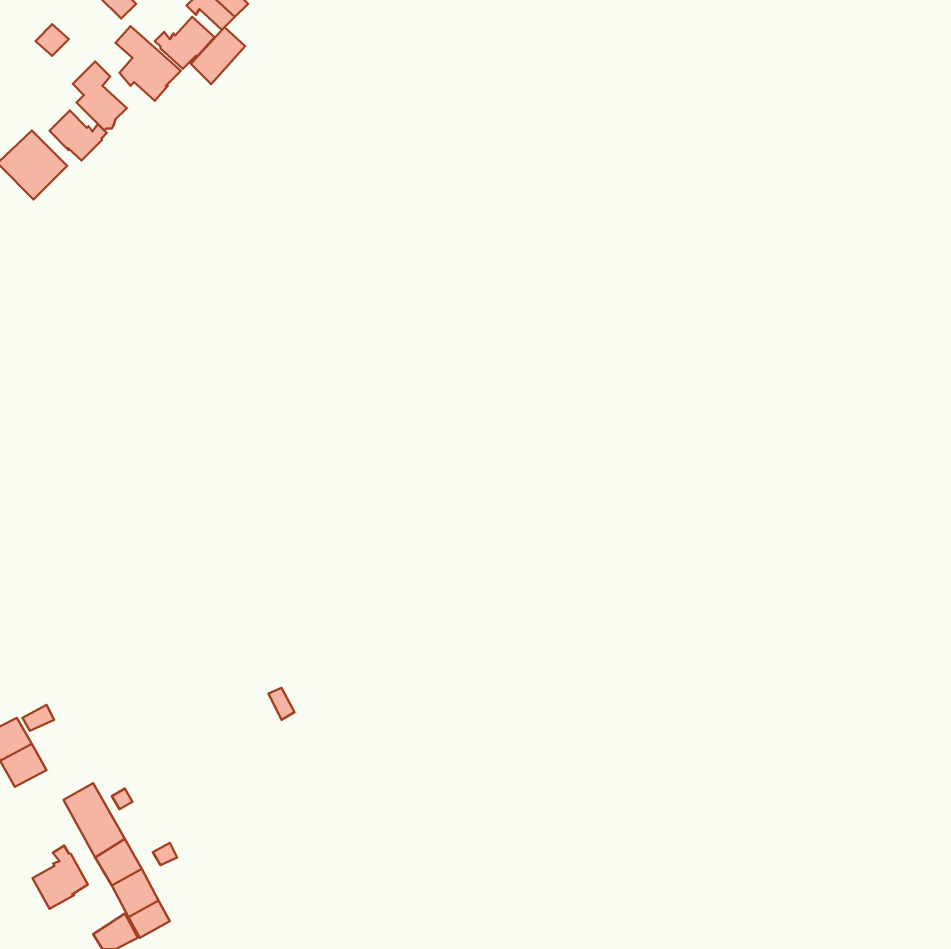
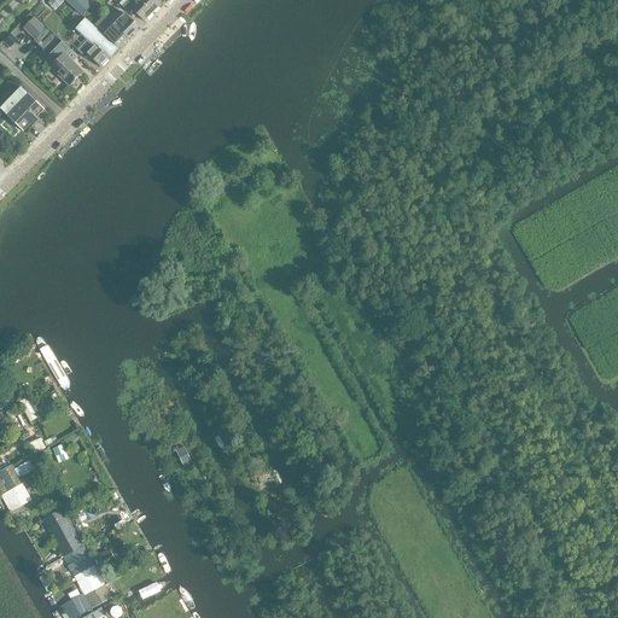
building: [191,27,245,84] -> none
building: [49,111,107,160] -> none
building: [32,846,88,909] -> none

